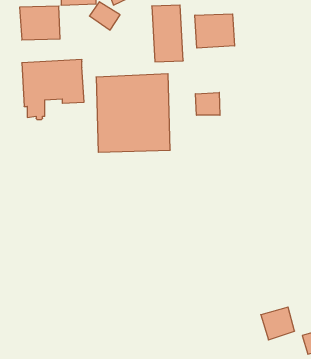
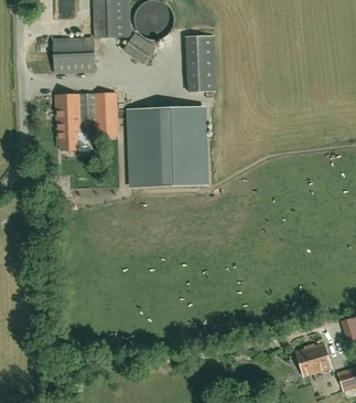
building: [195,14,235,48] -> none
building: [195,92,220,115] -> none

